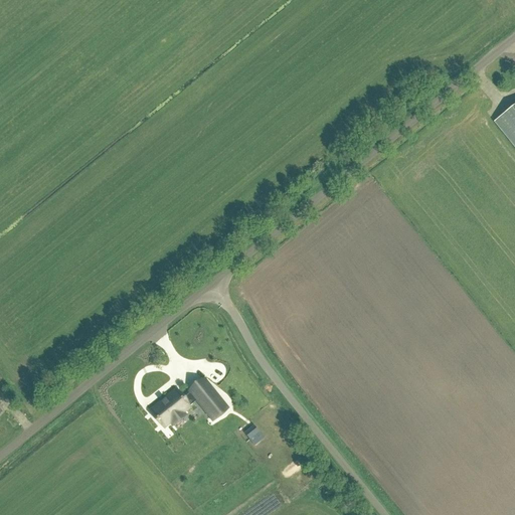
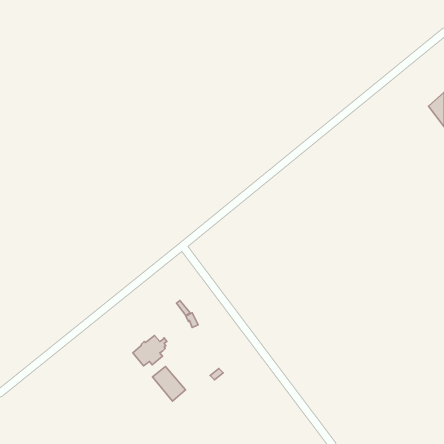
building: [190,379,228,419] -> [153,366,186,401]

